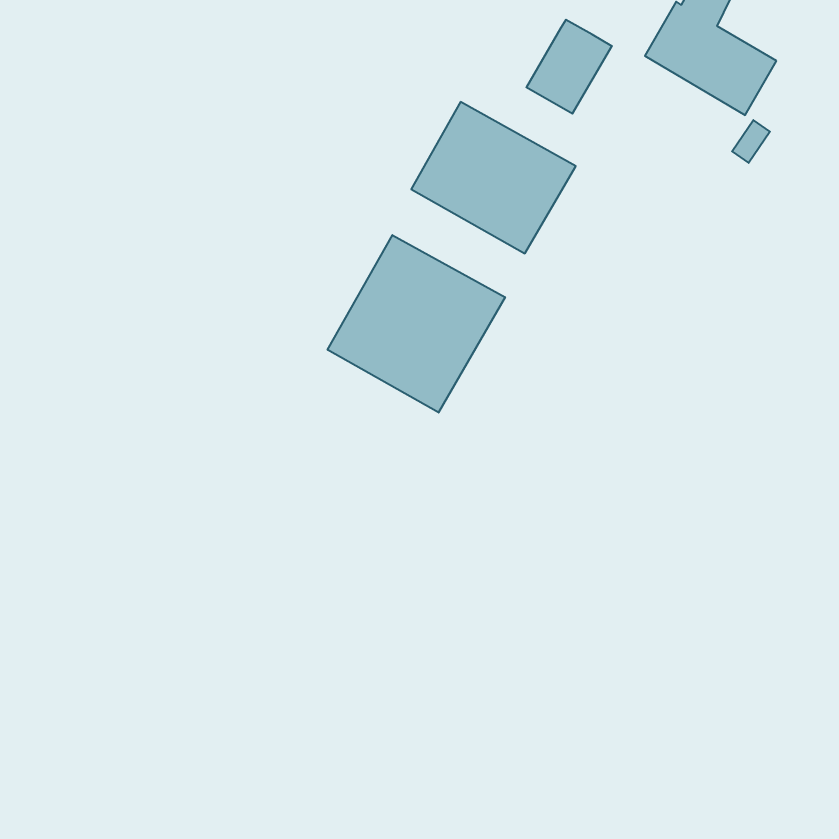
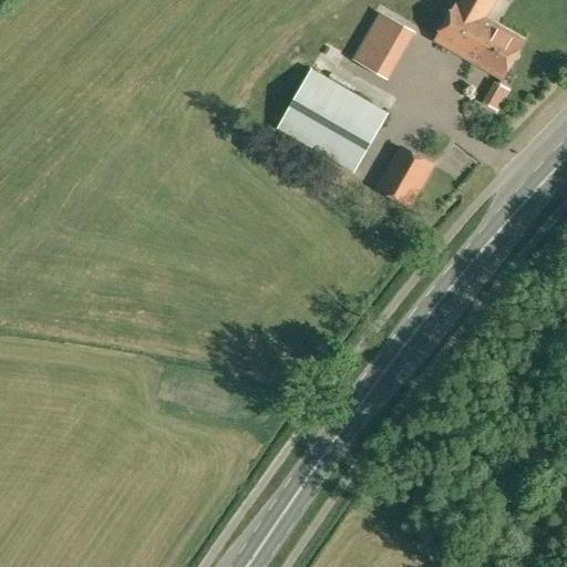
building: none -> [378,146,431,205]
building: [328,235,505,413] -> none

